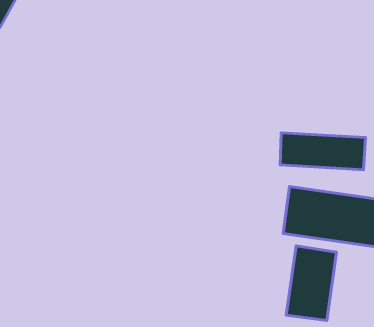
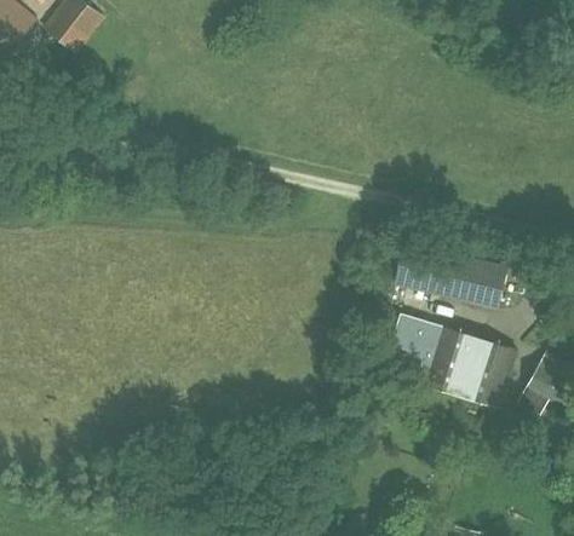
building: [286,246,336,321] -> none

